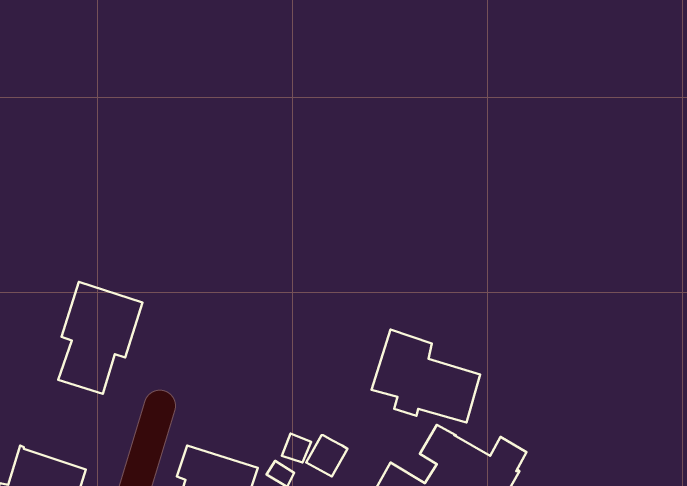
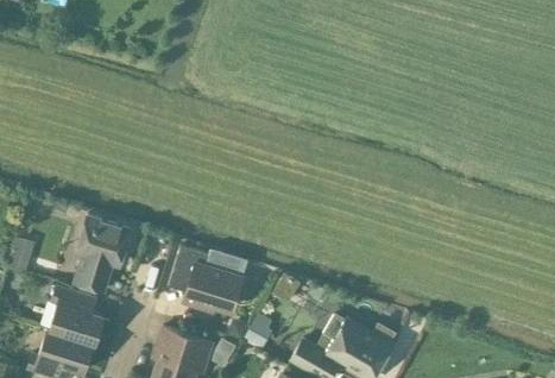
building: [372,330,480,423] -> [168,245,242,309]
building: none -> [50,285,105,345]

